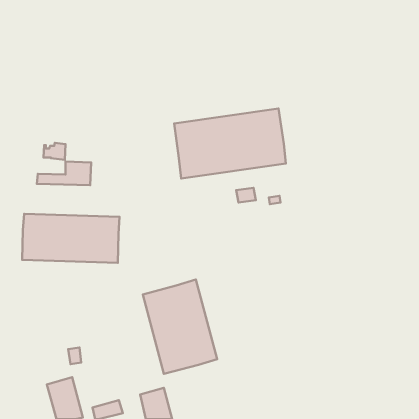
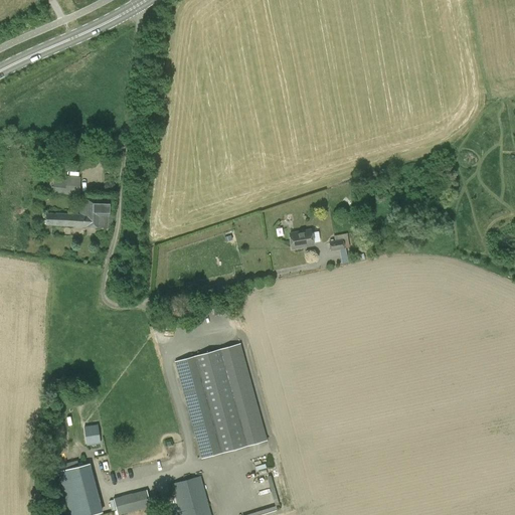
building: [174,109,286,179] -> none
building: [22,214,120,263] -> none

